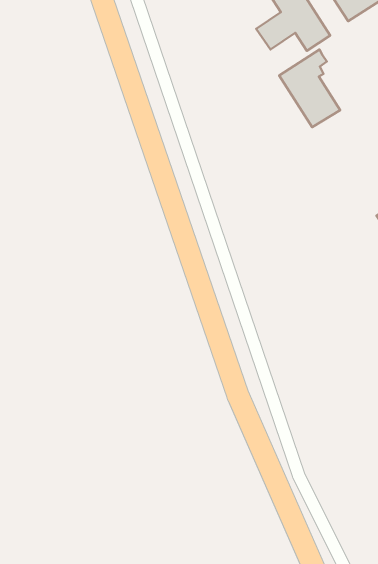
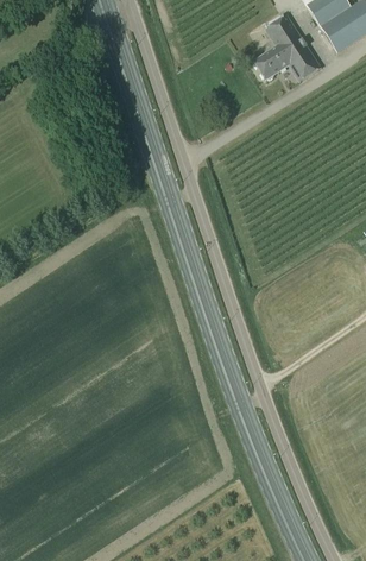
building: [279,50,340,127] -> none

